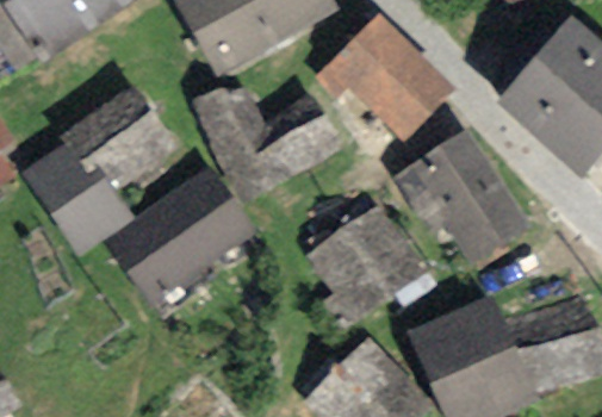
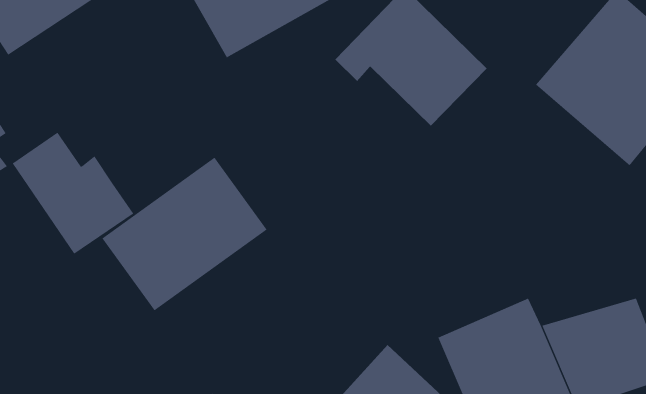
building: [191,83,339,198] -> none
building: [58,85,176,189] -> none
building: [392,129,529,263] -> none
building: [304,201,428,322] -> none

